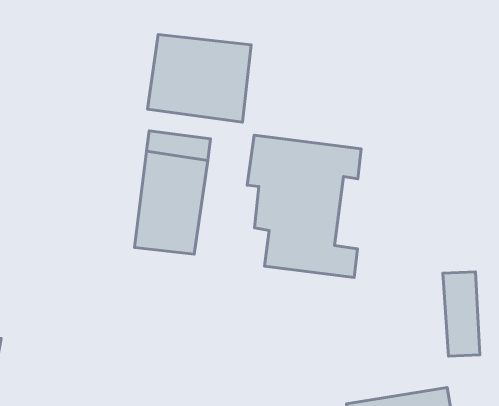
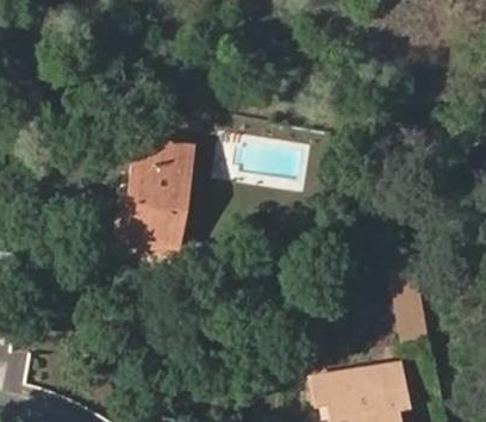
building: [147,35,251,122] -> none
building: [247,135,361,278] -> none

